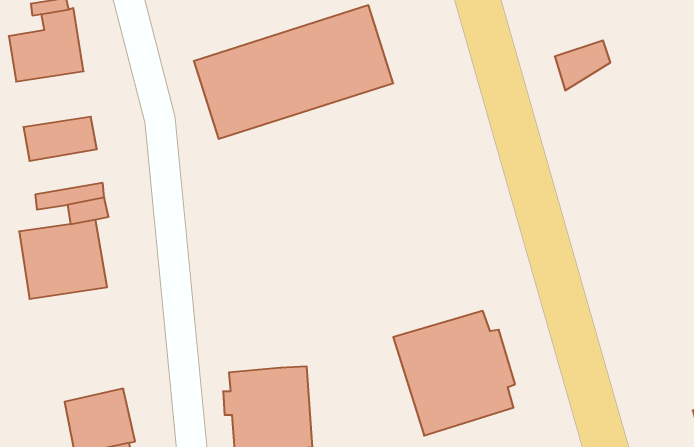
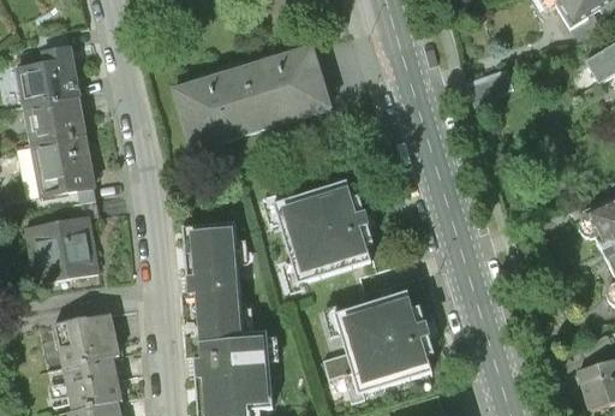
building: none -> [24,95,85,141]
building: none -> [35,159,95,196]
building: none -> [275,182,374,284]
building: none -> [185,227,240,341]
building: none -> [54,313,118,366]

